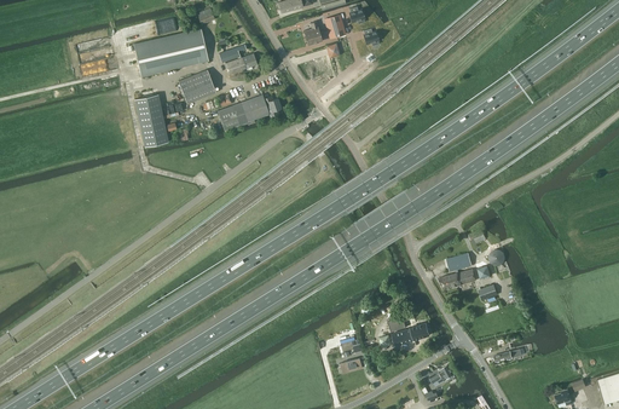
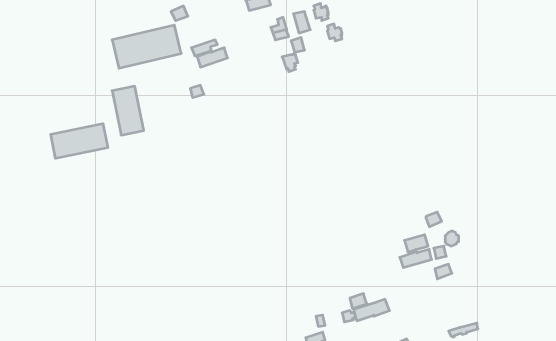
building: [178,69,215,103] -> none
building: [216,94,280,131] -> none
building: none -> [51,124,108,158]

